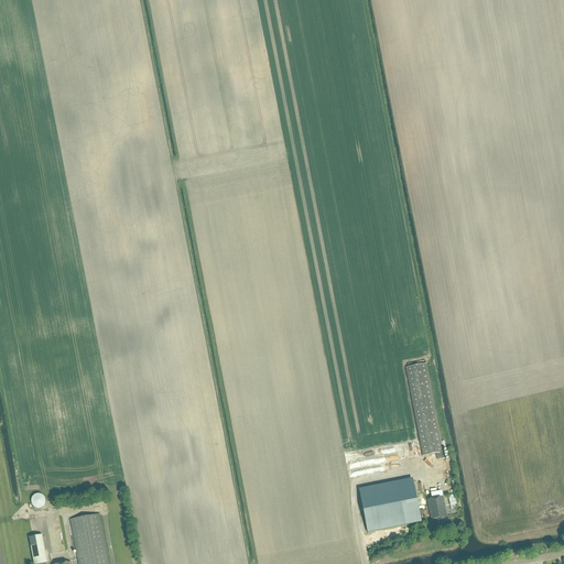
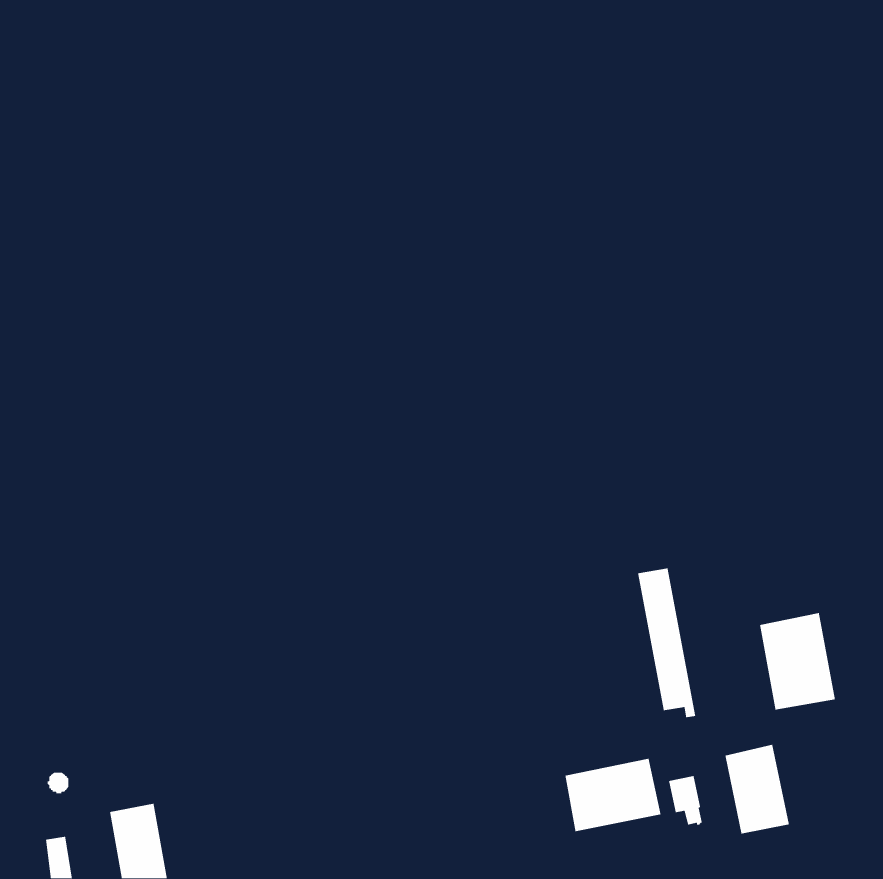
building: none -> [759,612,836,710]
building: none -> [724,744,790,835]

